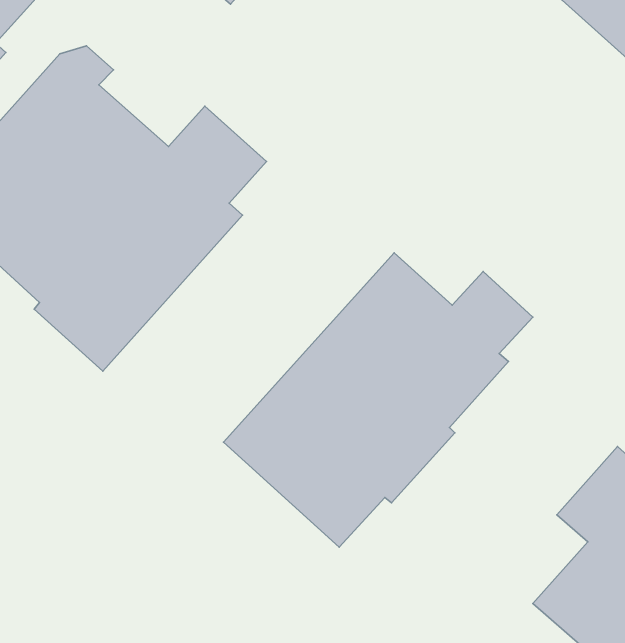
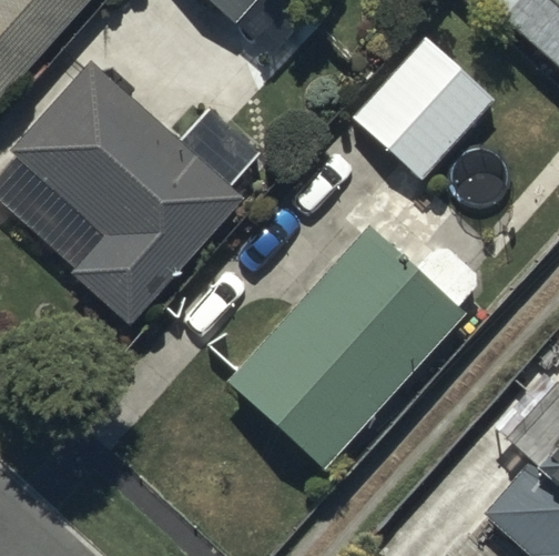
building: none -> [349,27,500,179]

